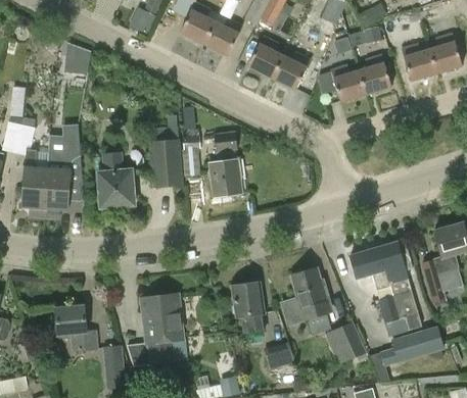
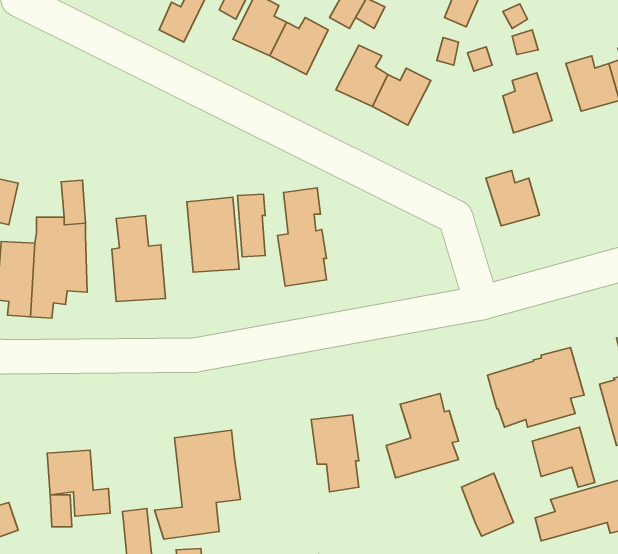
building: [66,48,90,78] -> none
building: [330,65,366,102] -> [486,171,540,226]
building: [264,342,294,369] -> none

